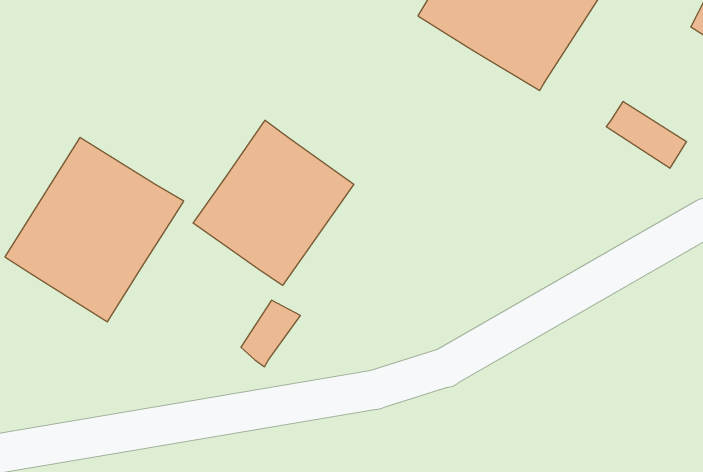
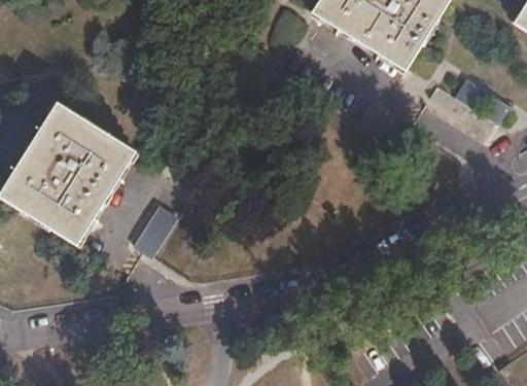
building: [193,120,354,285] -> none
building: [241,300,300,367] -> [131,209,175,258]

